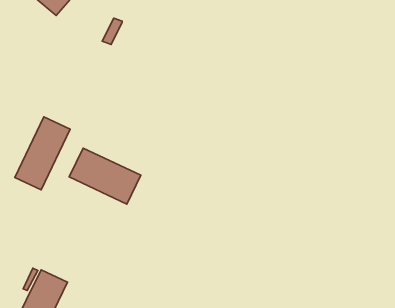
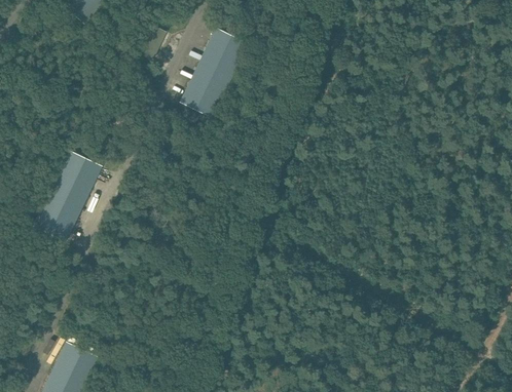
building: none -> [181,27,250,117]
building: [69,148,141,204] -> none

